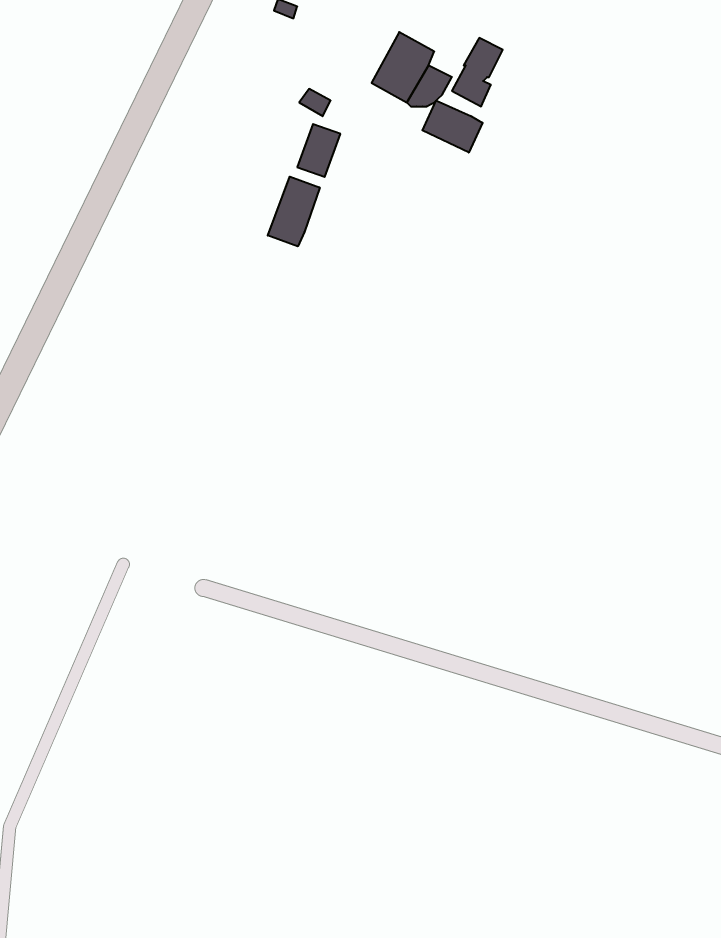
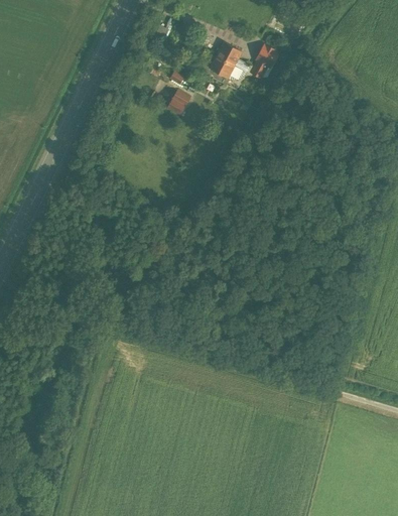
building: [422,101,483,153] -> none
building: [268,177,320,246] -> none

